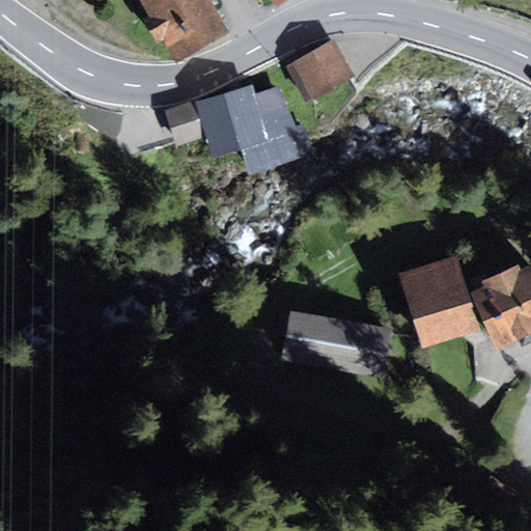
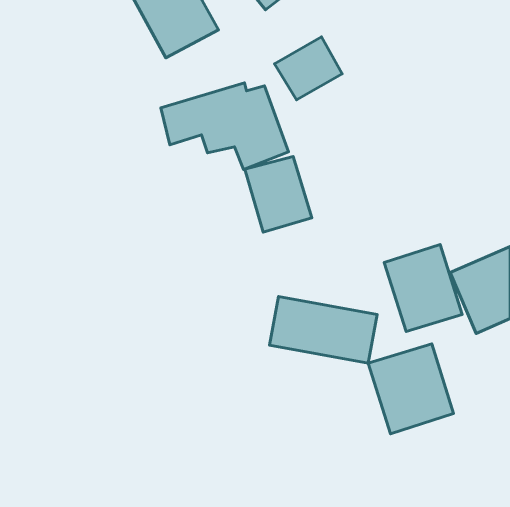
building: none -> [245,156,312,232]
building: none -> [368,344,454,434]

